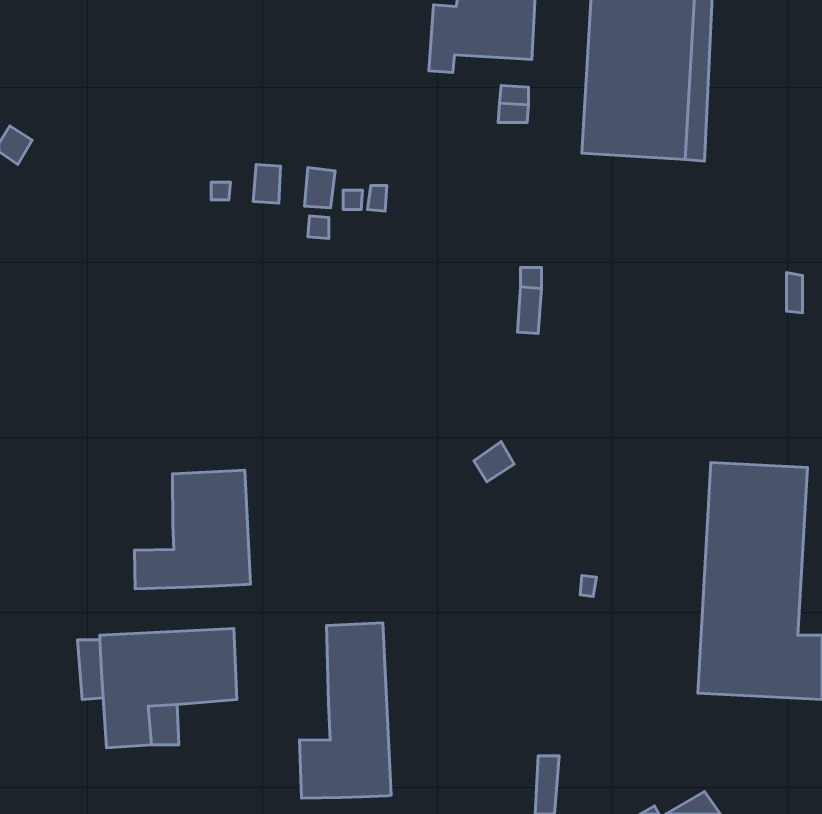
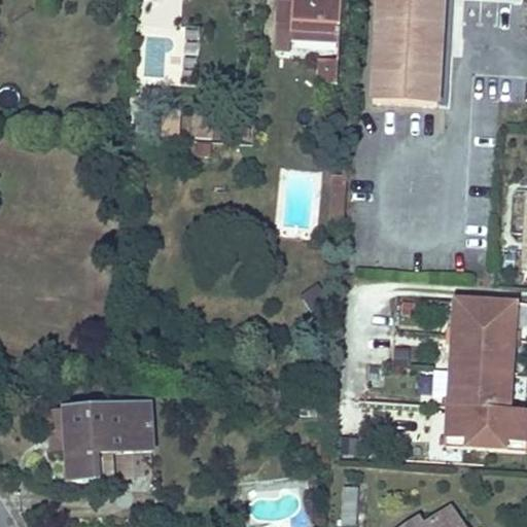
building: [134,470,250,589] -> none
building: [299,623,391,798] -> none

